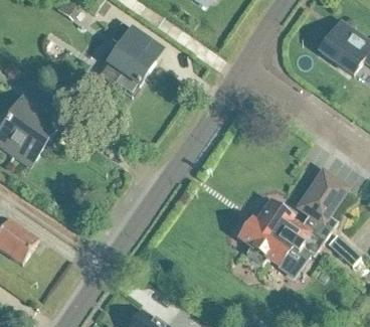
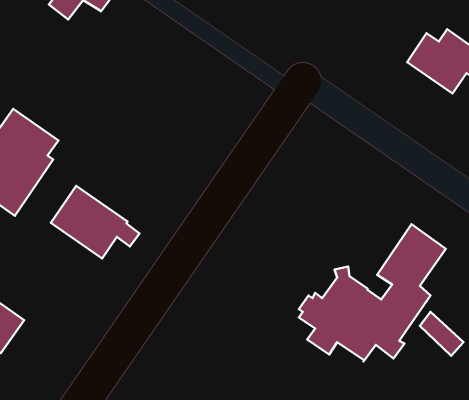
building: [107,21,157,90] -> none
building: none -> [51,186,139,258]

